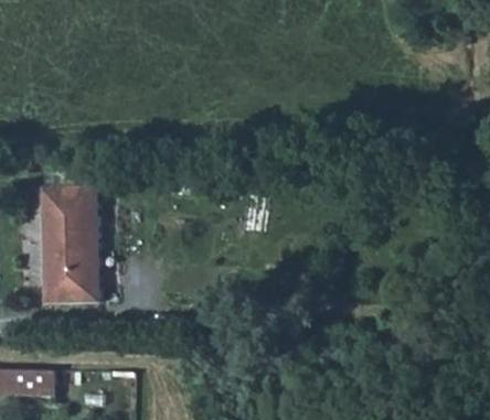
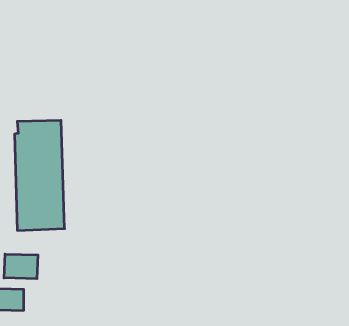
building: none -> [4,254,38,279]

